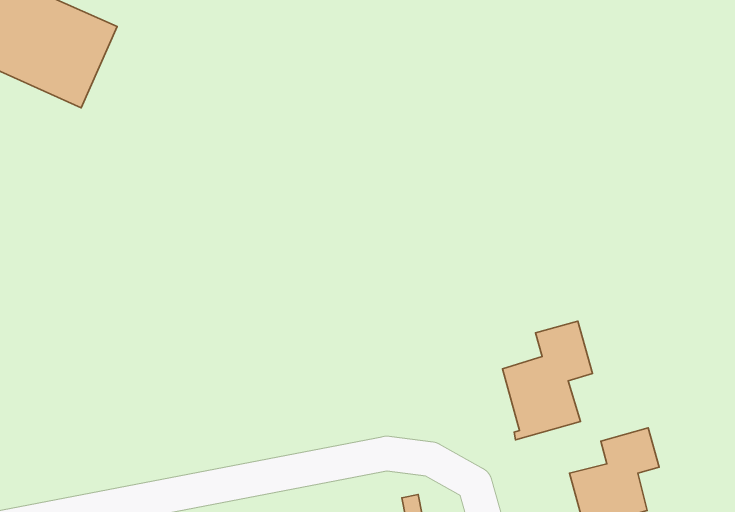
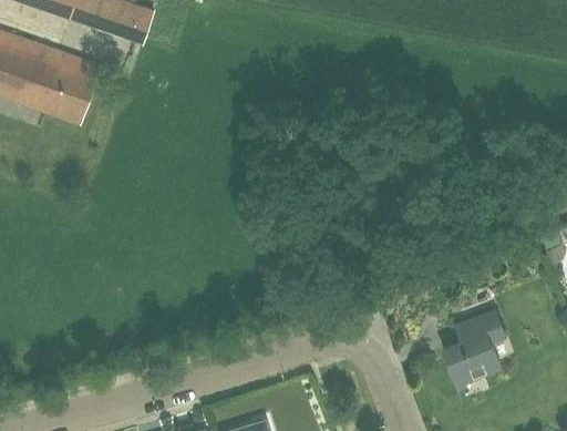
building: [502,321,592,440] -> none

